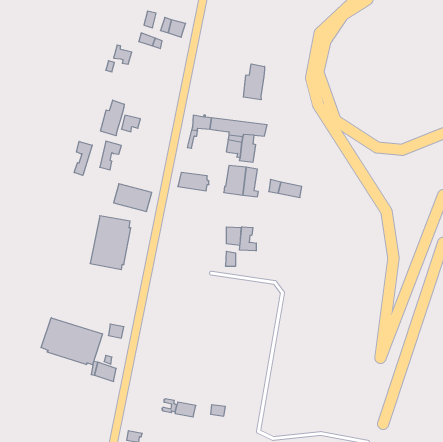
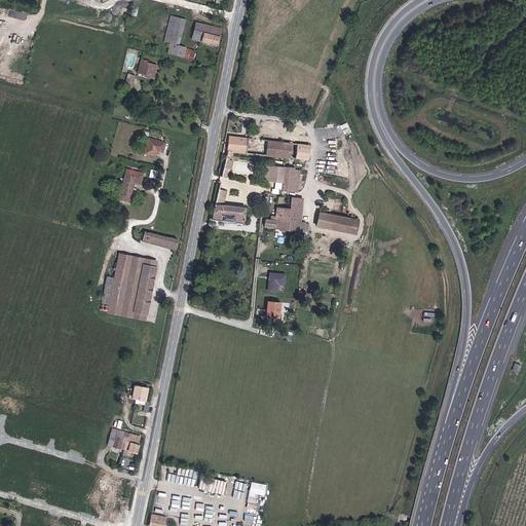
building: [243,64,265,100] -> none
building: [101,100,124,136] -> none
building: [74,141,92,175] -> none
building: [240,227,256,251] -> none
building: [41,318,102,365] -> none

